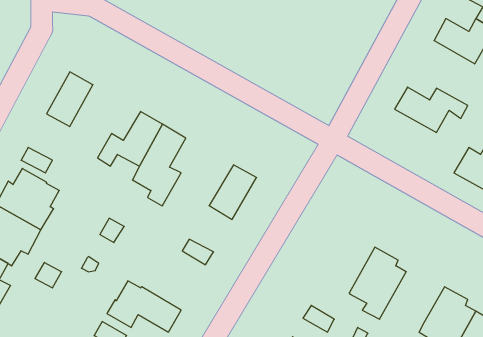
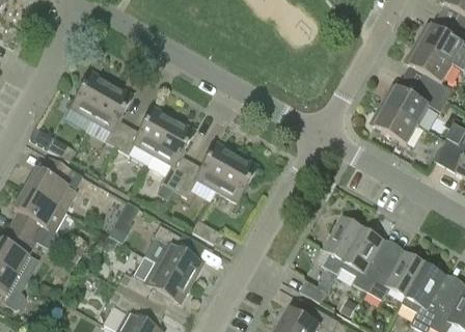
building: none -> [405,43,453,101]
building: none -> [90,82,132,147]
building: none -> [370,104,418,145]
building: none -> [169,141,237,201]
building: none -> [322,215,363,274]
building: none -> [152,224,201,283]
building: none -> [367,249,426,300]

